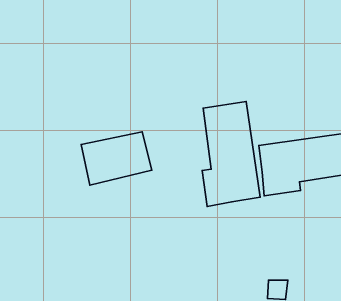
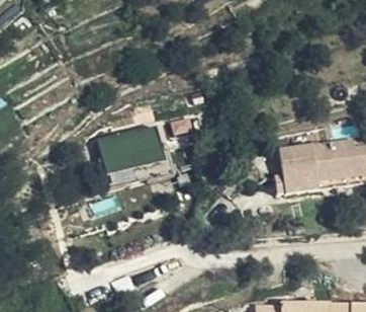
building: [202,101,260,207] -> none

